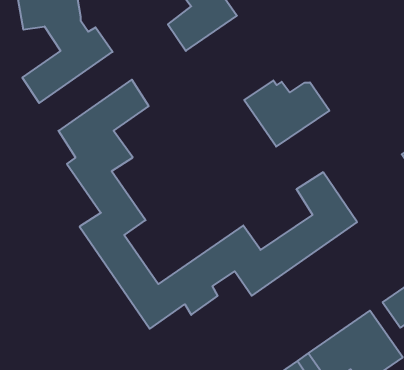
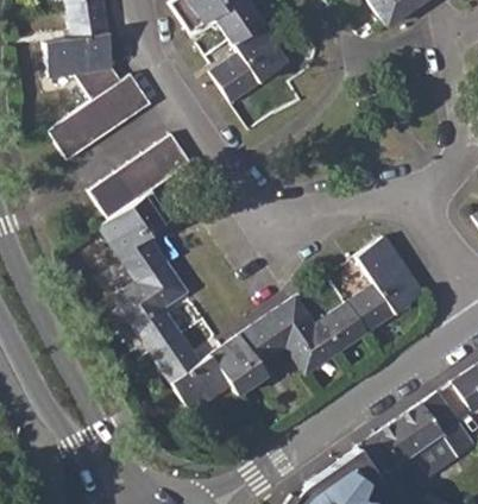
building: [244,80,329,147] -> none

